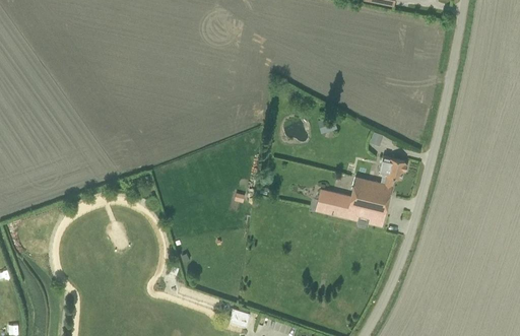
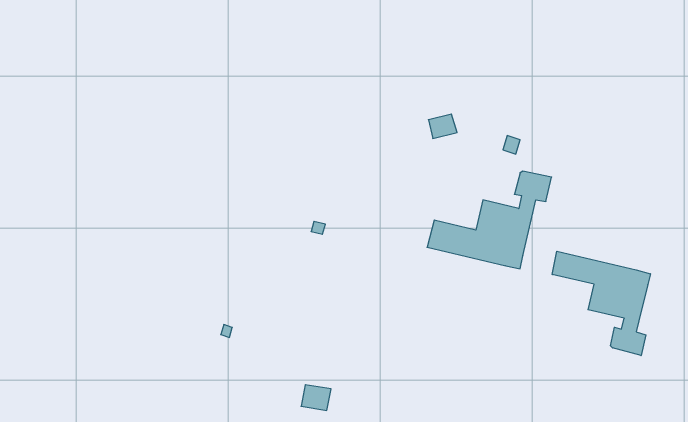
building: none -> [552,251,650,356]

